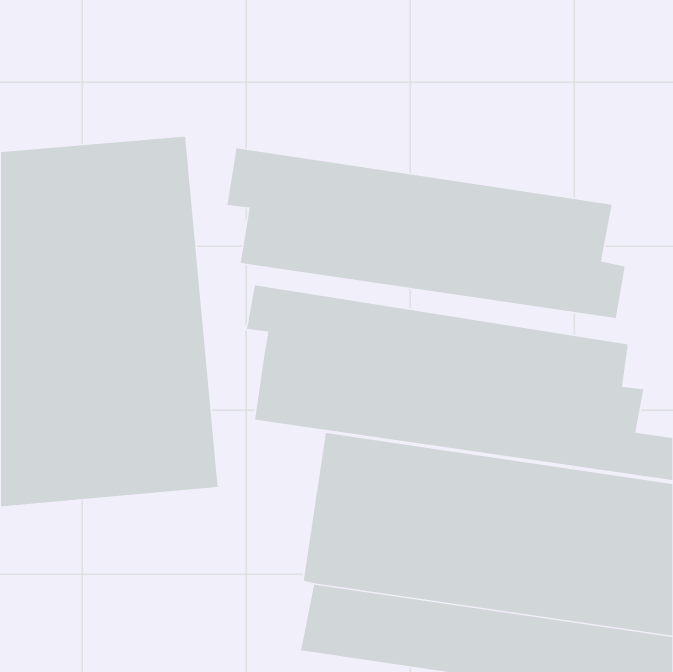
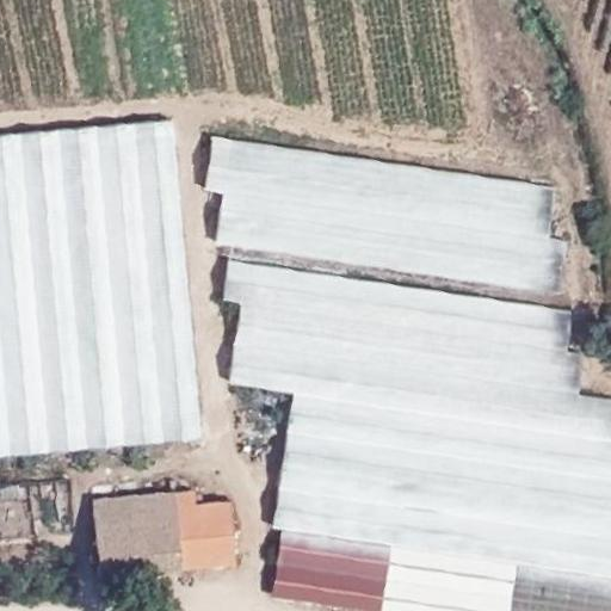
building: none -> [93,487,234,573]

